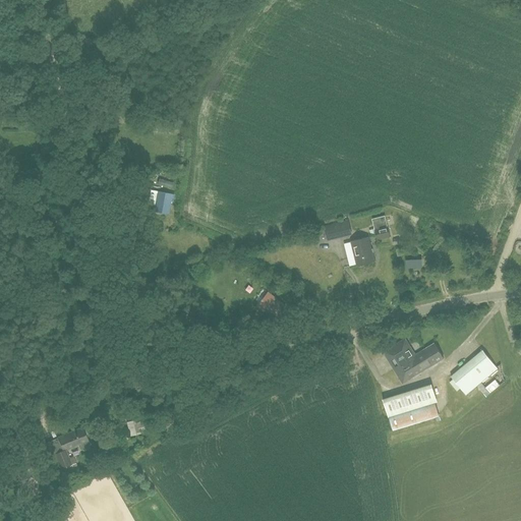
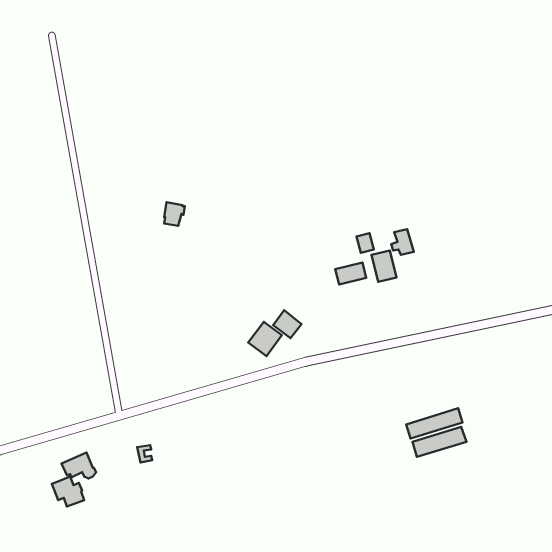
building: none -> [335,263,366,284]
building: none -> [248,322,282,356]
building: [384,338,444,383] -> none
building: [450,350,497,394] -> none

